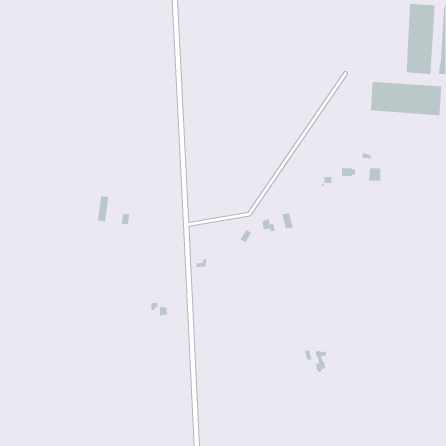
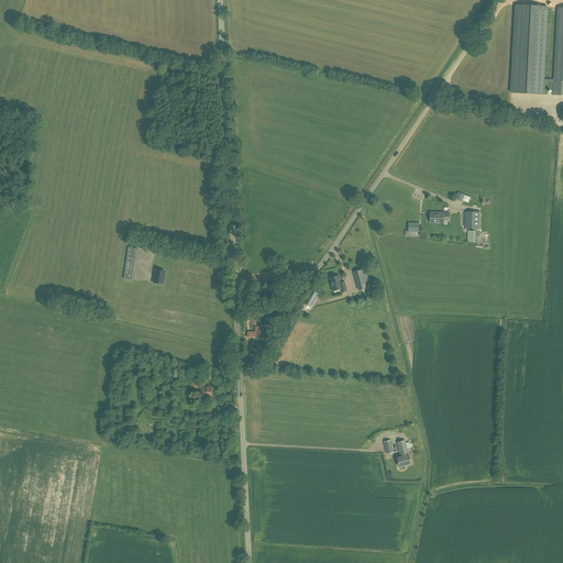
building: [370,81,442,116] -> none

